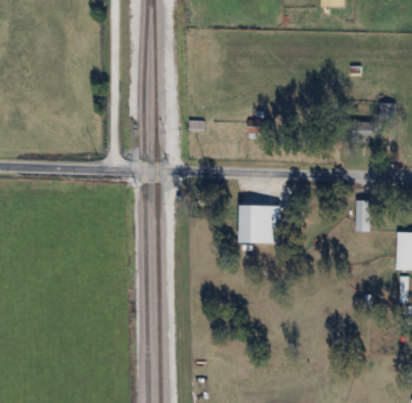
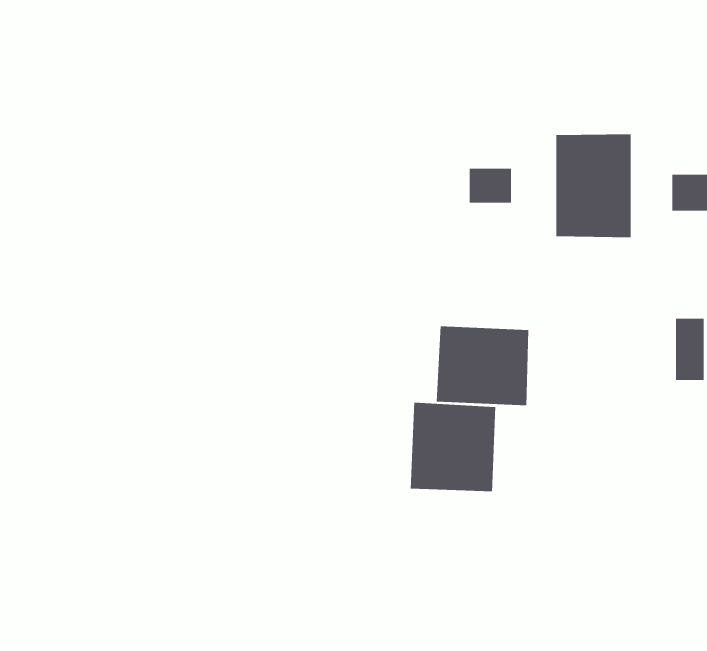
building: none -> [556,134,631,238]
building: none -> [410,402,496,492]

